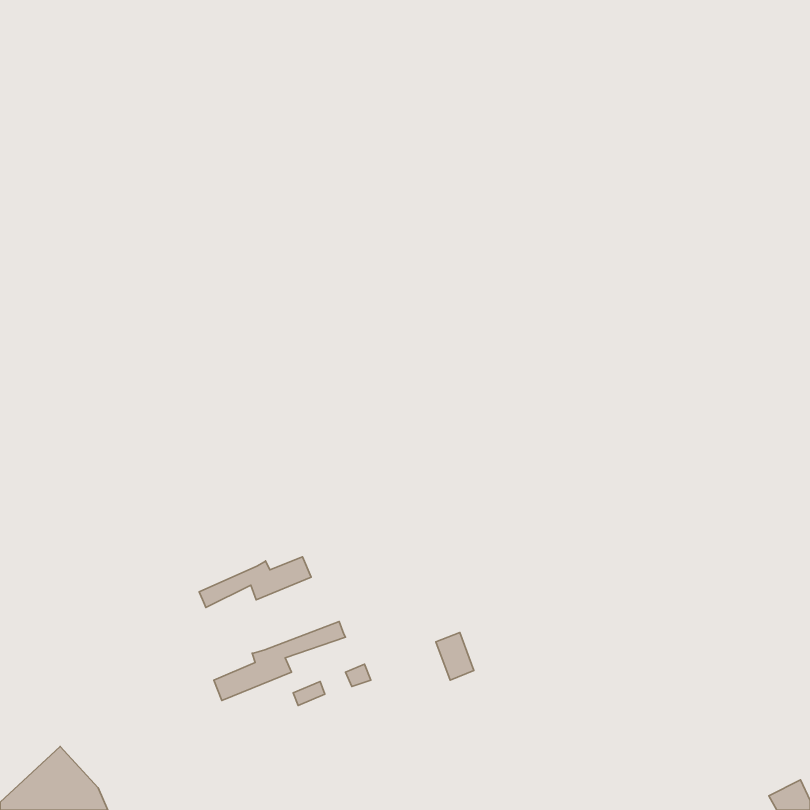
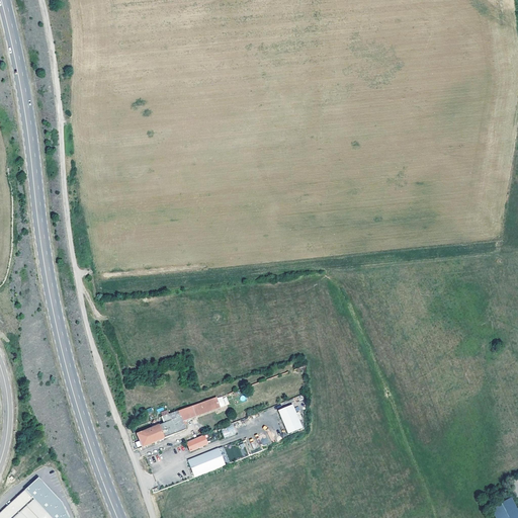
building: [199,557,311,608] -> none
building: none -> [189,448,225,477]

